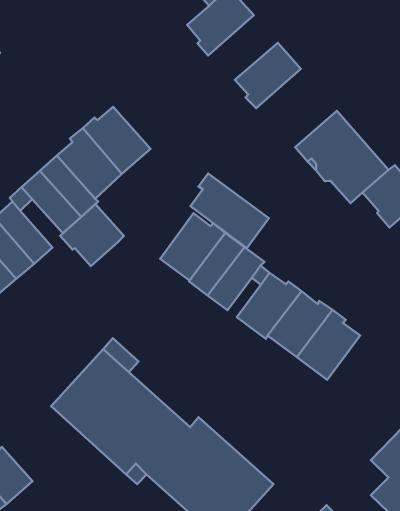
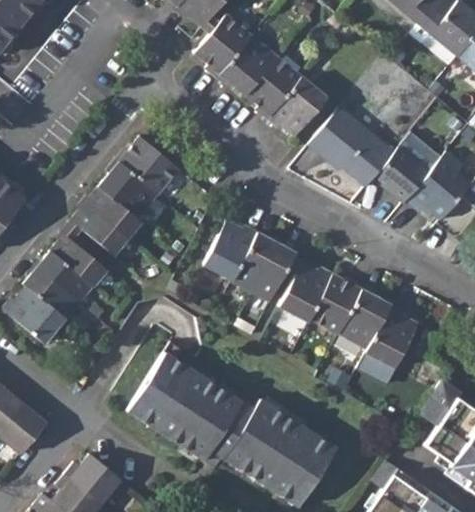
building: none -> [218,36,278,96]
building: none -> [268,77,328,137]
building: [190,173,269,248] -> none
building: [60,204,124,266] -> none
building: none -> [367,305,419,368]

